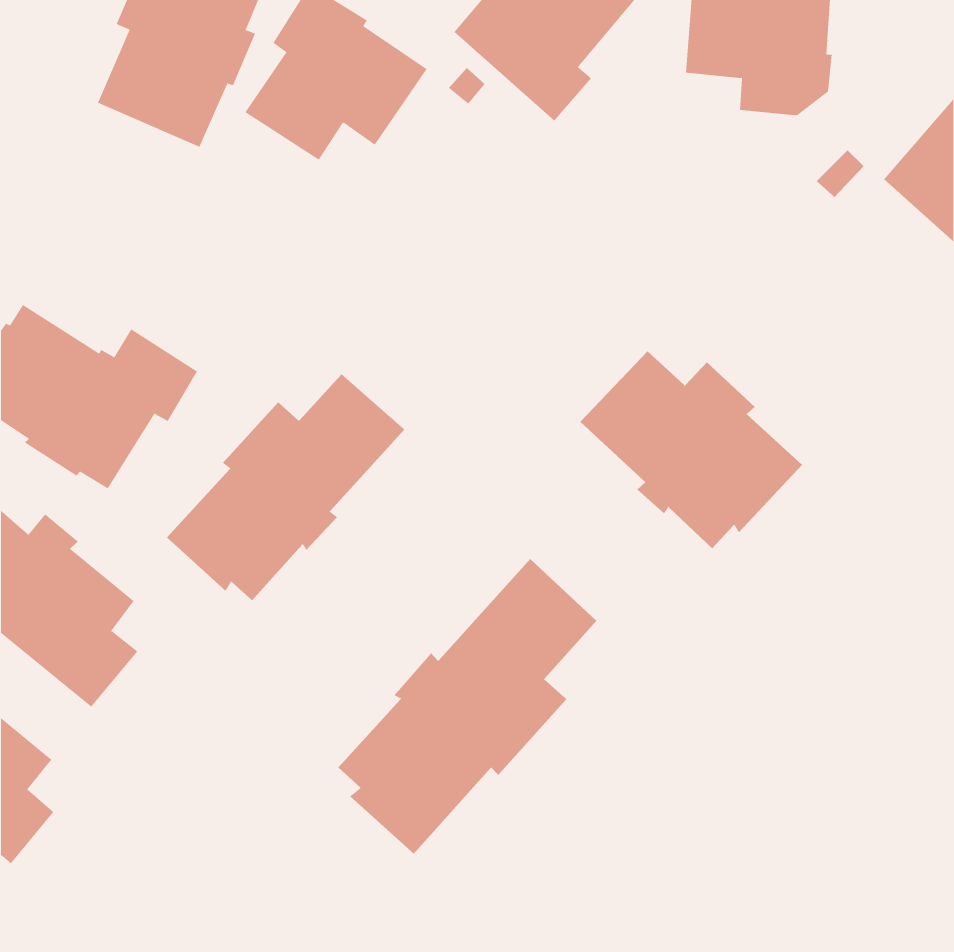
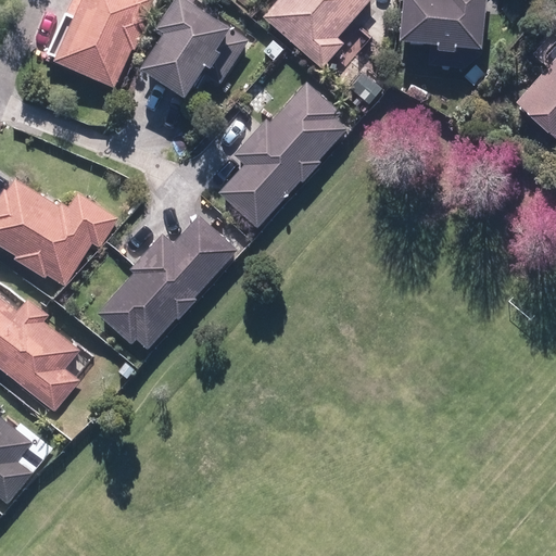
building: none -> [219,83,346,227]
building: [579,351,803,549] -> none
building: [337,558,597,855] -> none

